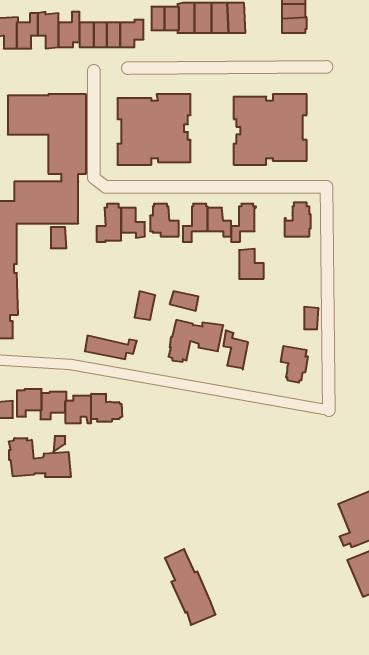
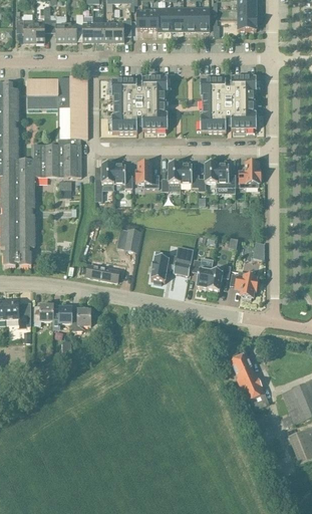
building: [239,249,264,279] -> [217,164,236,187]
building: none -> [208,265,231,293]
building: [91,394,122,422] -> none
building: [9,438,71,477] -> none
building: [165,549,216,625] -> [231,353,270,412]

